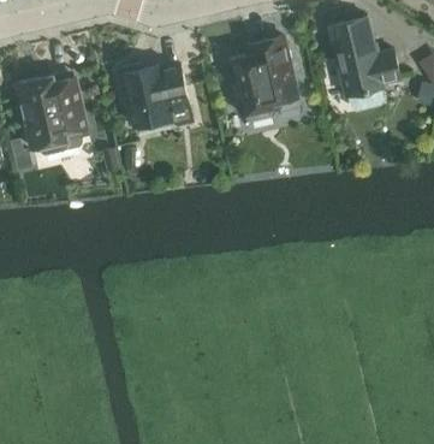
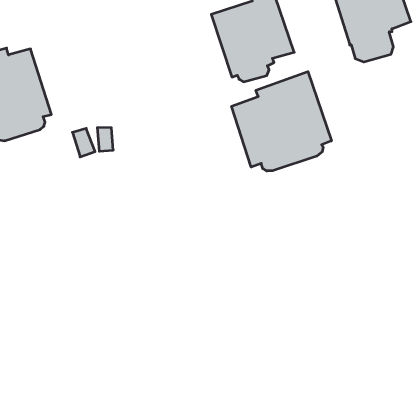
building: [118,64,194,131] -> none
building: none -> [232,72,331,171]

